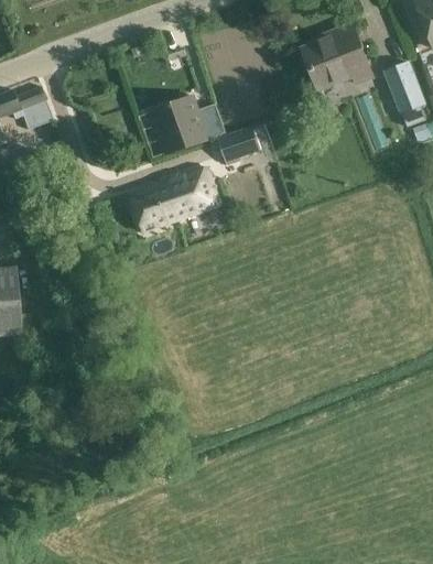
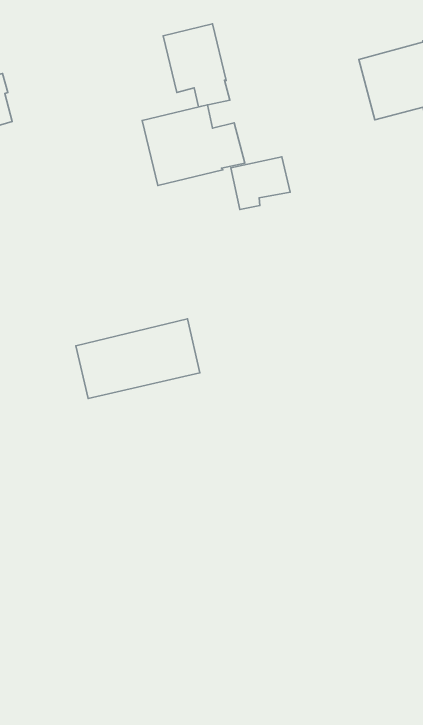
building: none -> [163,24,230,107]
building: [129,166,221,232] -> [76,319,200,399]

